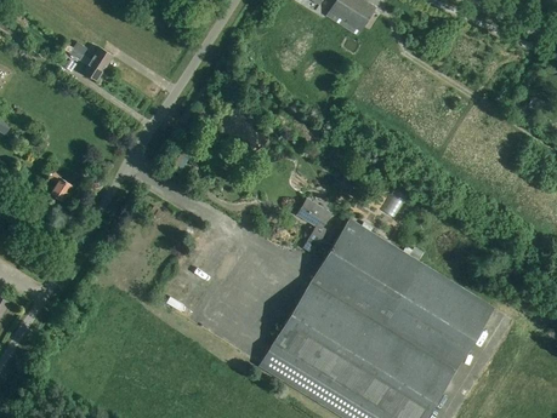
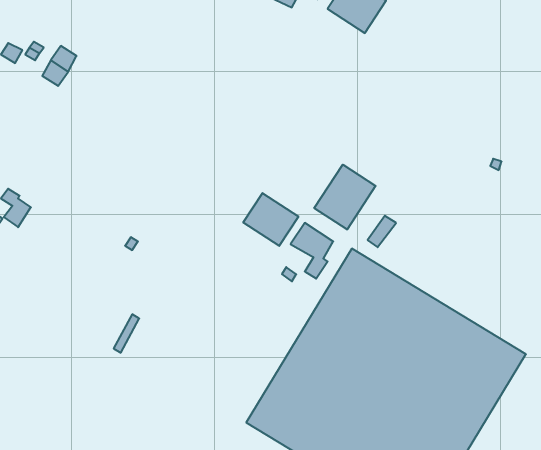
building: none -> [314,165,376,230]
building: none -> [243,193,298,246]

